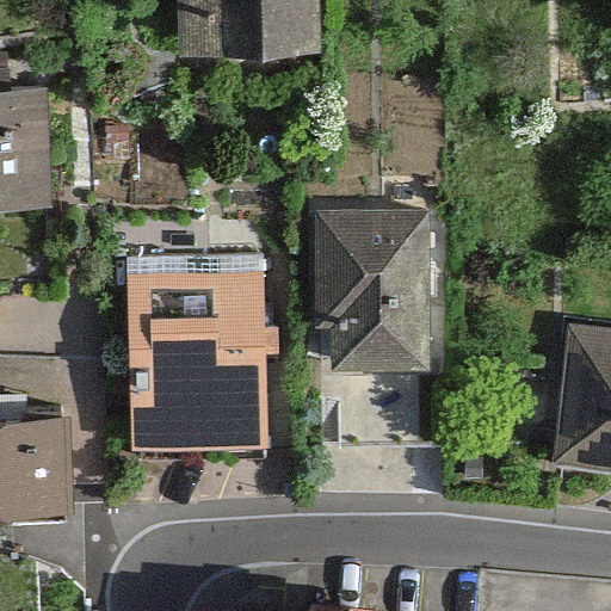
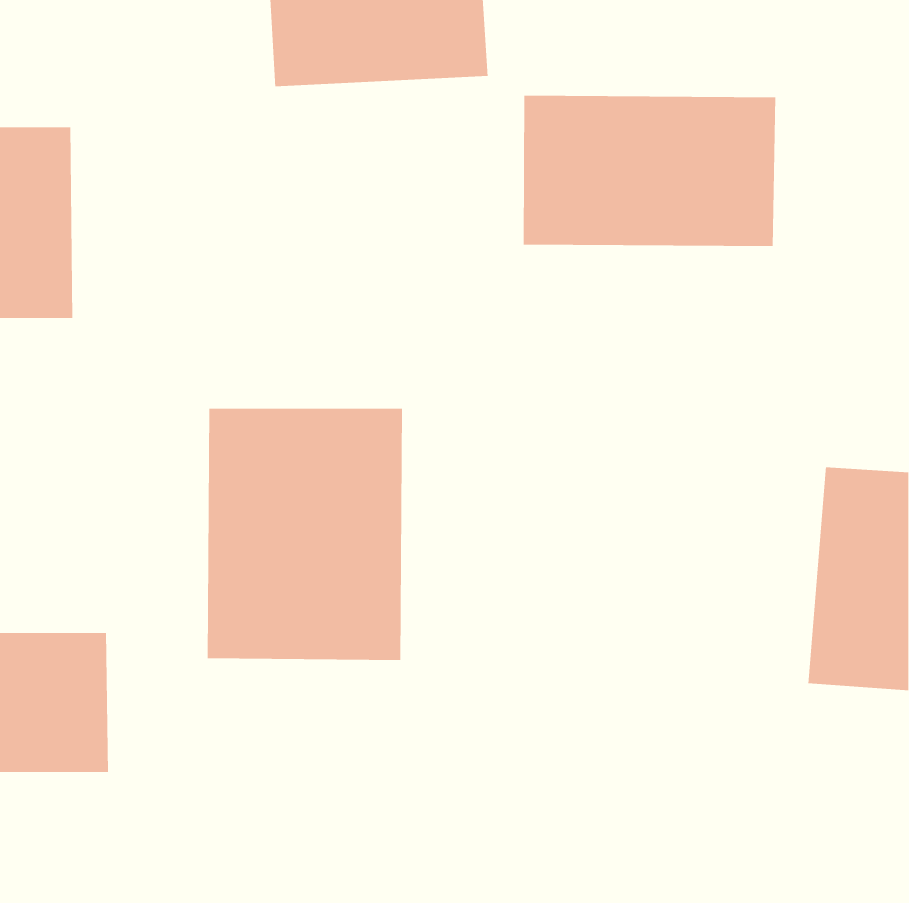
building: none -> [523,95,776,247]
building: [314,206,436,377] -> none

